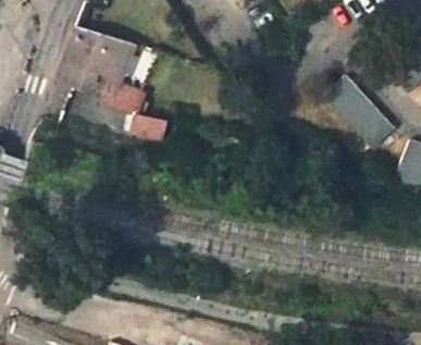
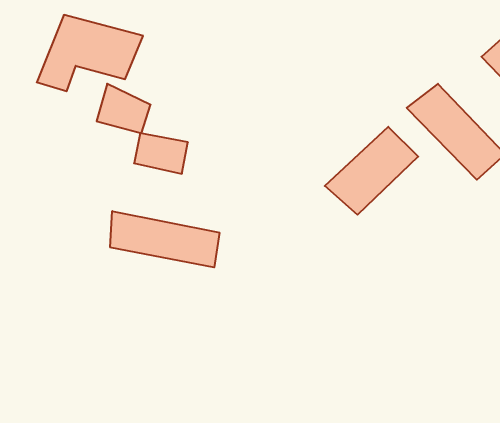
building: none -> [325,127,418,215]
building: none -> [110,211,219,267]

